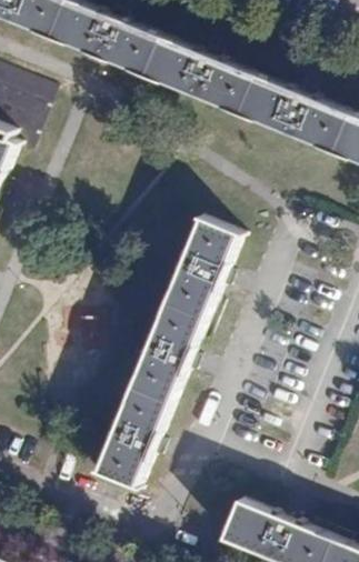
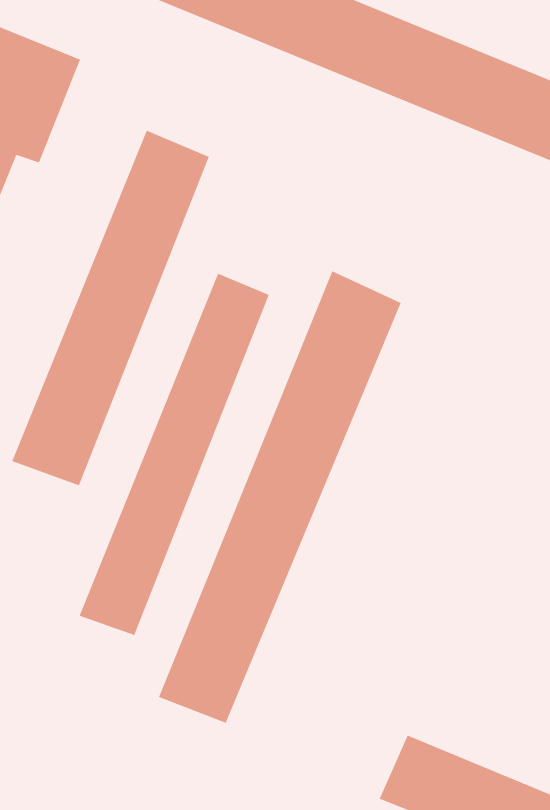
building: none -> [11,130,210,486]
building: none -> [79,273,270,636]

